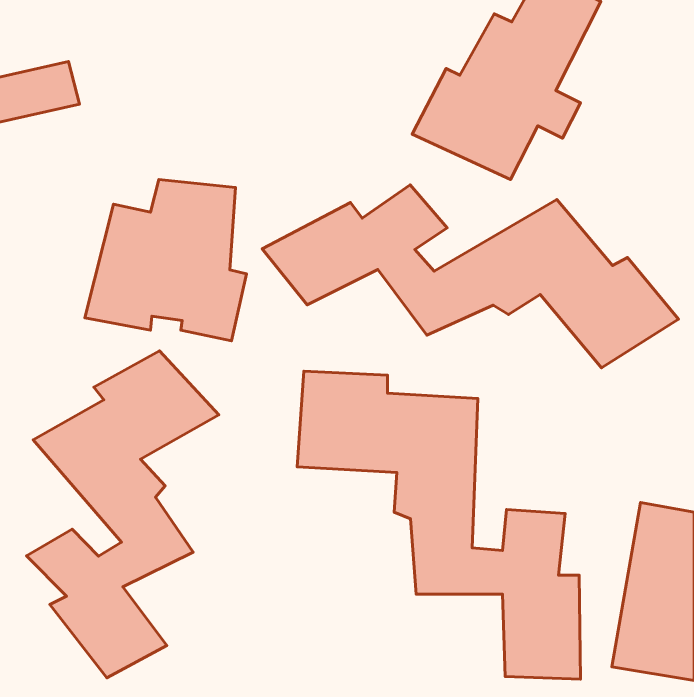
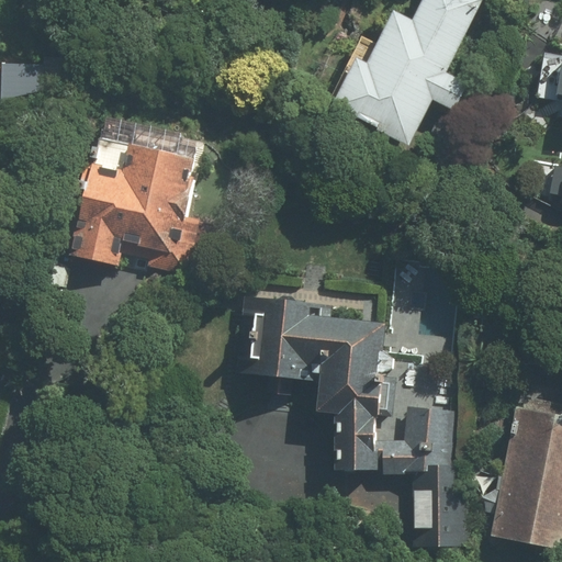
building: [262,185,678,368] -> none
building: [26,351,219,678] -> none

